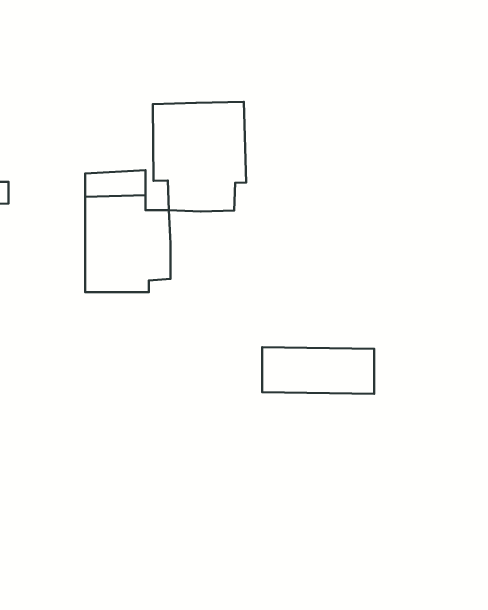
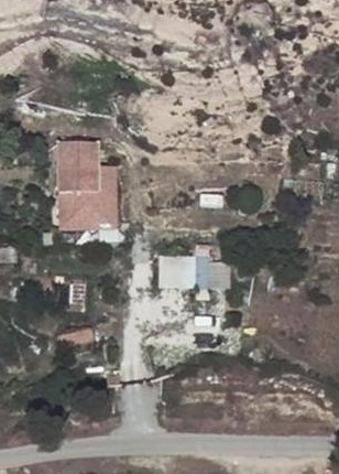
building: [153,102,246,211] -> none

